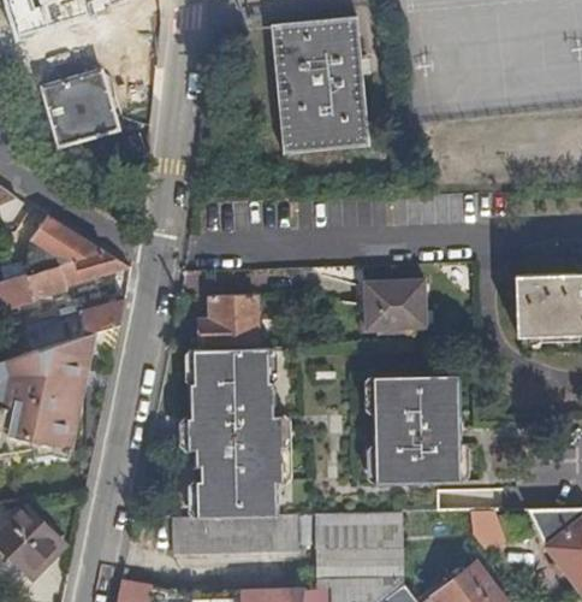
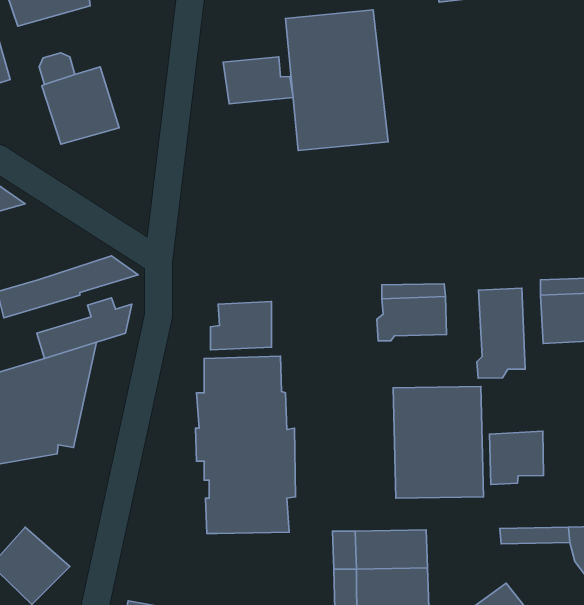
building: none -> [223,57,293,104]
building: [31,218,107,276] -> none
building: none -> [477,288,525,378]
building: none -> [490,431,544,484]
building: [173,515,298,555] -> none

